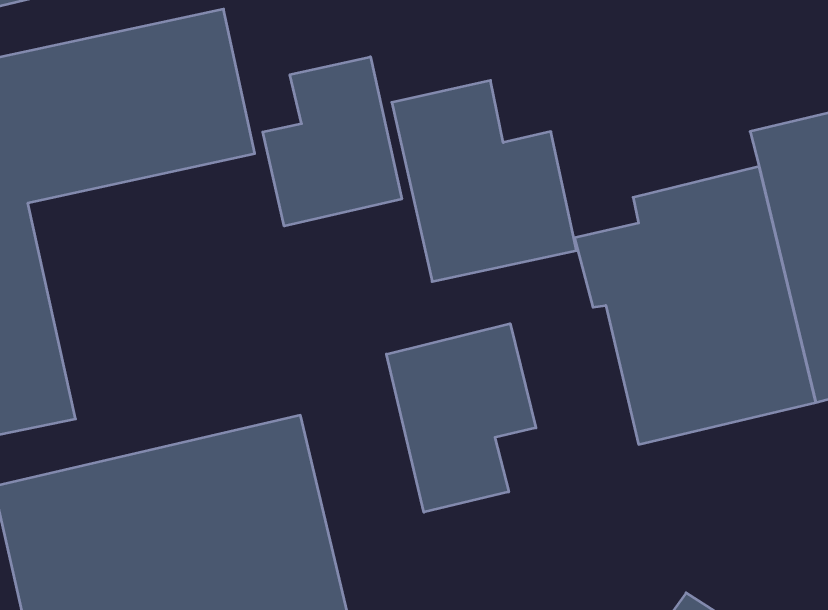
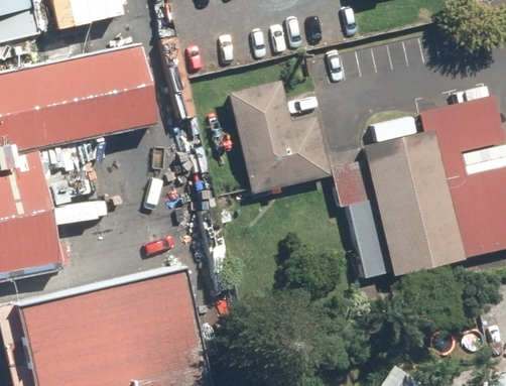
building: [263,57,402,226] -> none
building: [386,324,536,512] -> none

